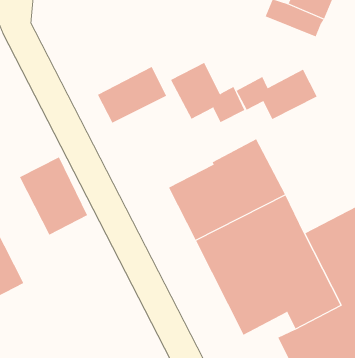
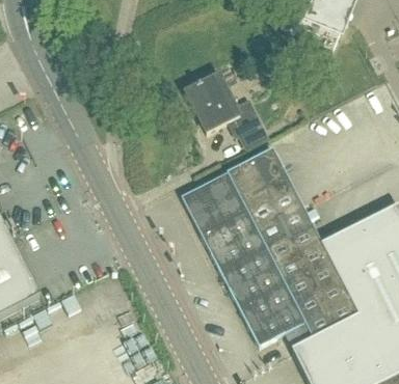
building: [97,66,167,123] -> none
building: [236,69,318,120] -> none
building: [19,157,88,235] -> none

